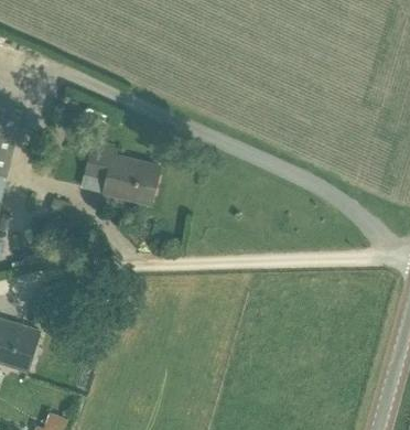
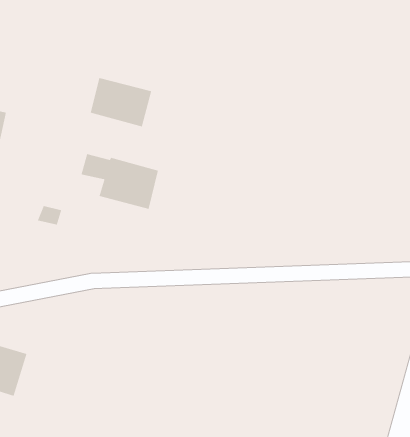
building: none -> [90,77,152,128]

